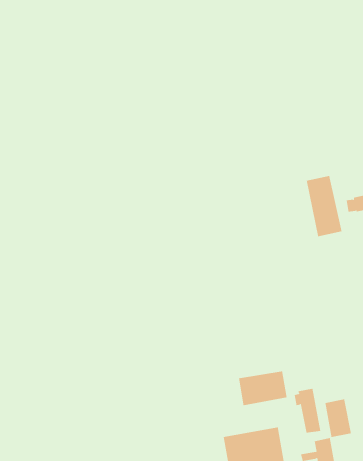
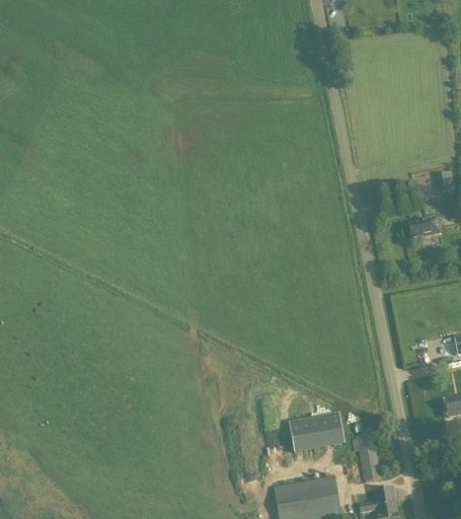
building: [306,175,342,237] -> none
building: [325,399,351,438] -> none

